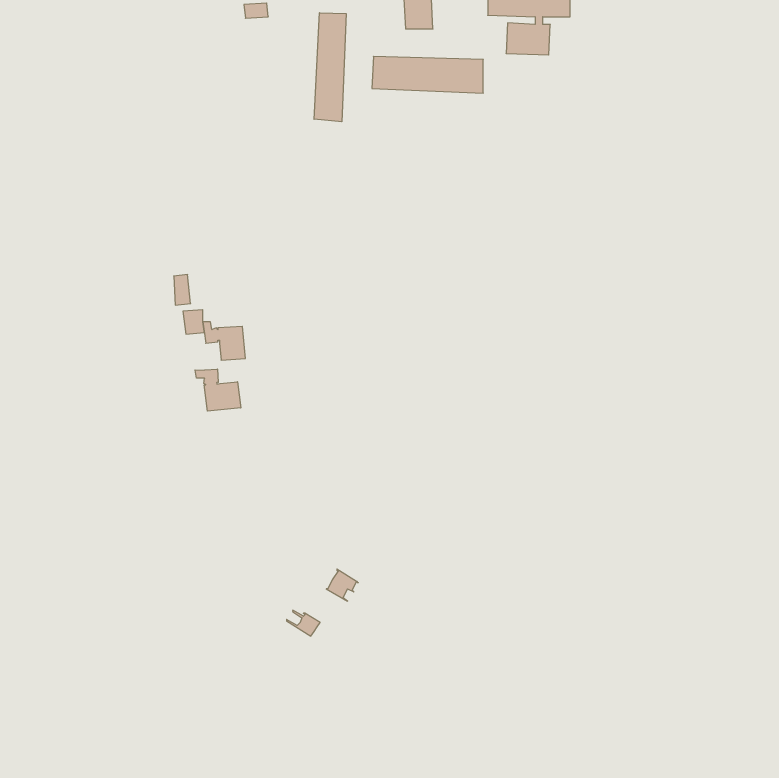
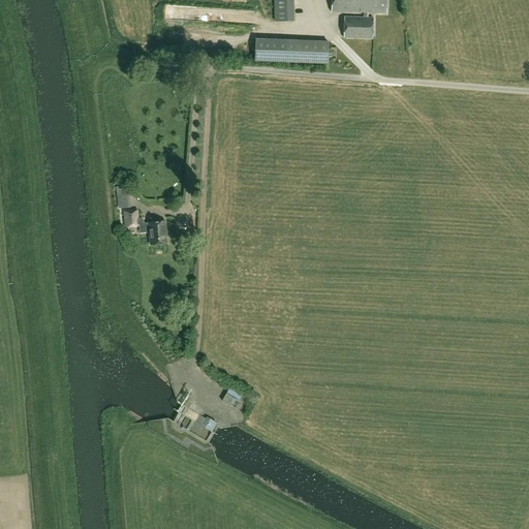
building: [314,13,346,122] -> none
building: [195,369,241,411] -> none

